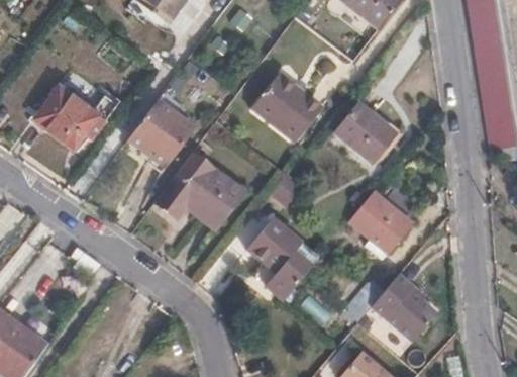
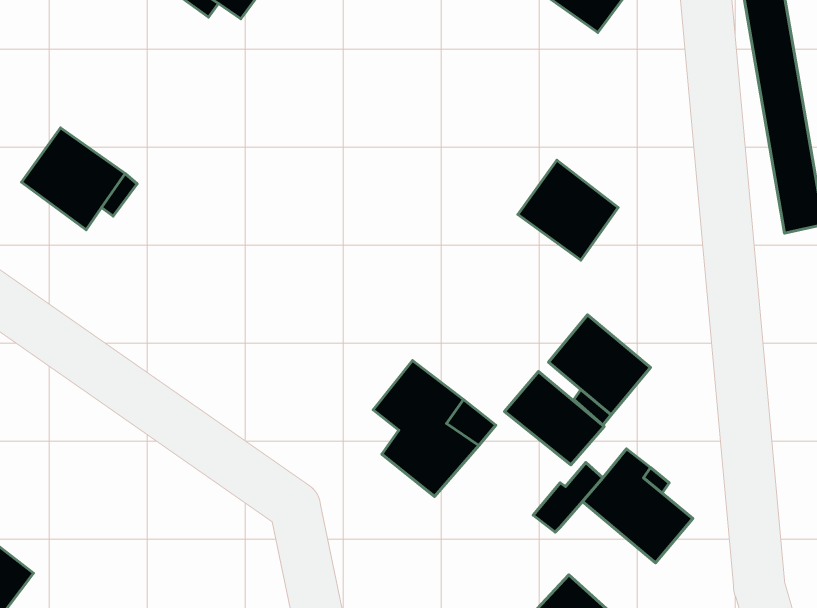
building: [252,72,325,142] -> none
building: [127,101,194,167] -> none
building: [156,151,244,227] -> none
building: none -> [504,372,604,465]

